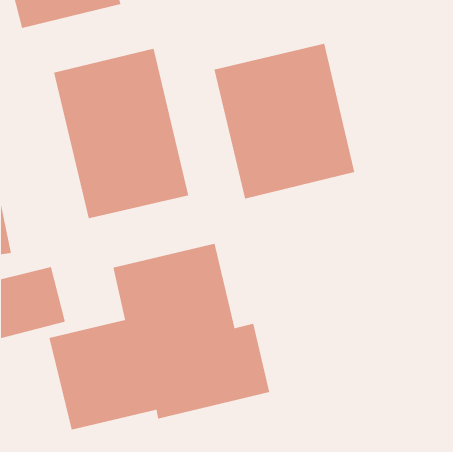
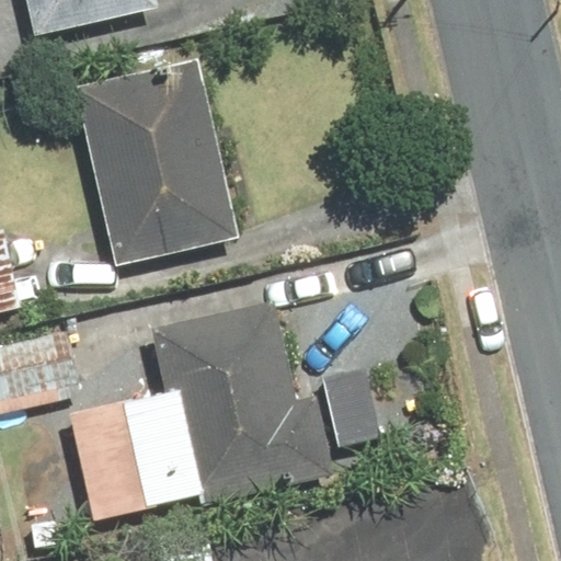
building: [214,43,355,200] -> none

